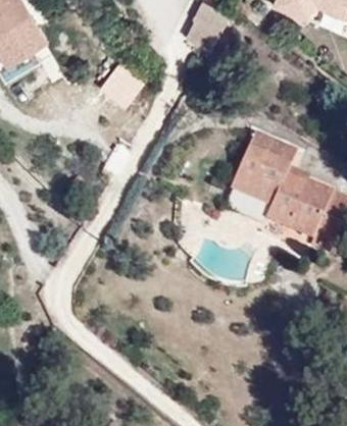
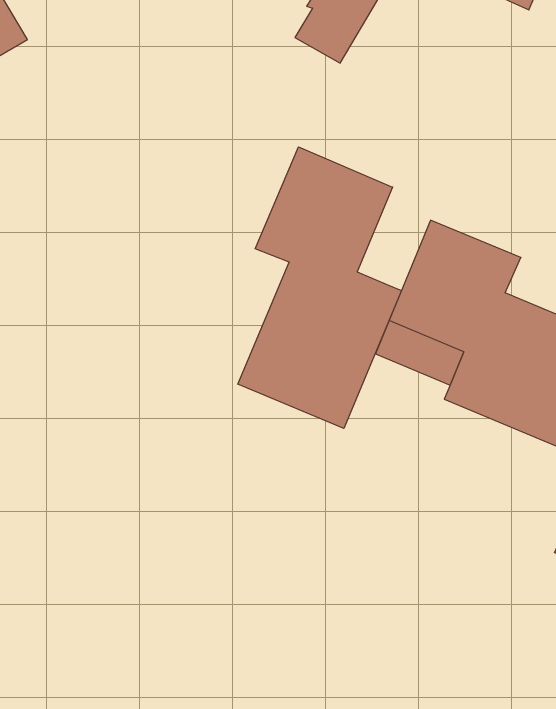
building: none -> [238,147,402,428]

